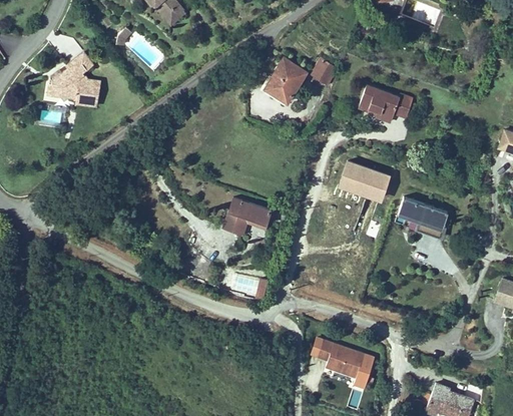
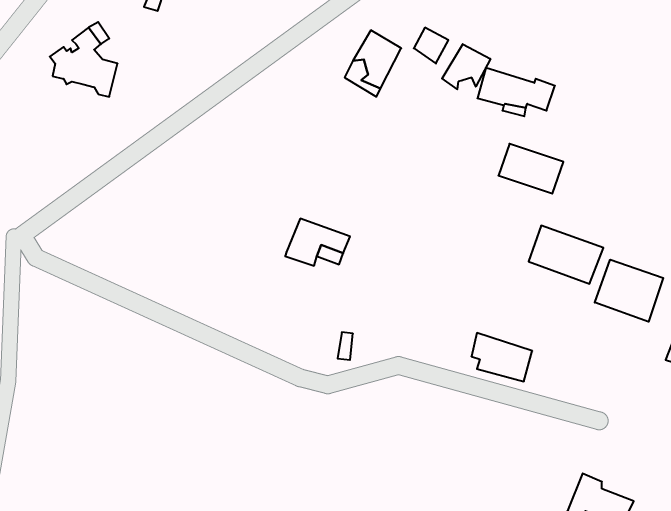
building: none -> [442,44,490,89]
building: [341,166,388,202] -> [498,144,563,194]
building: none -> [595,260,663,322]
building: [321,341,365,376] -> [471,333,532,381]

